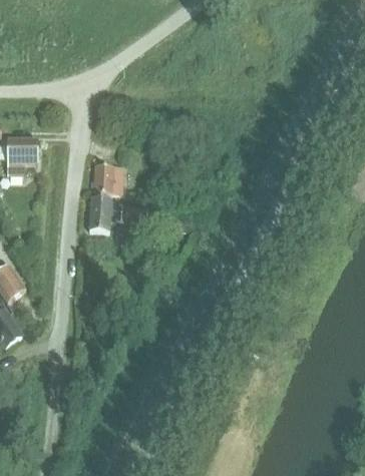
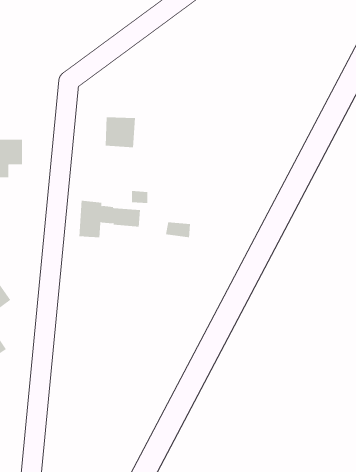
building: [93,164,122,193] -> [105,117,136,148]

